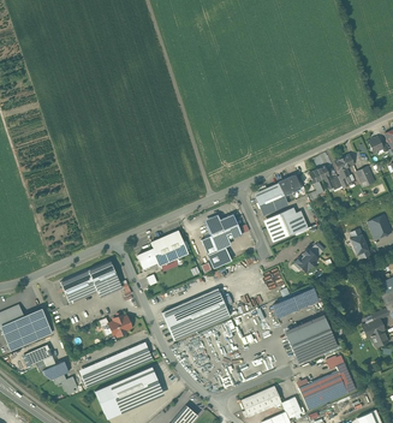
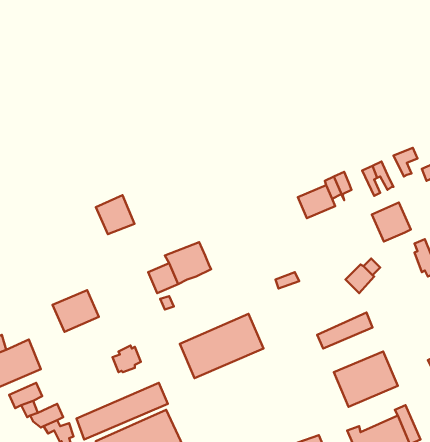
building: [268,208,299,239] -> [372,203,411,241]
building: [202,214,242,268] -> none
building: [88,260,119,291] -> [96,195,135,234]

